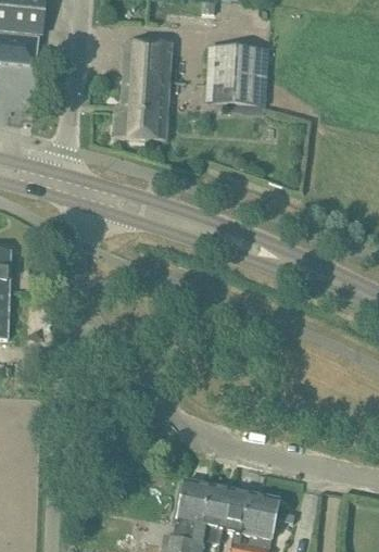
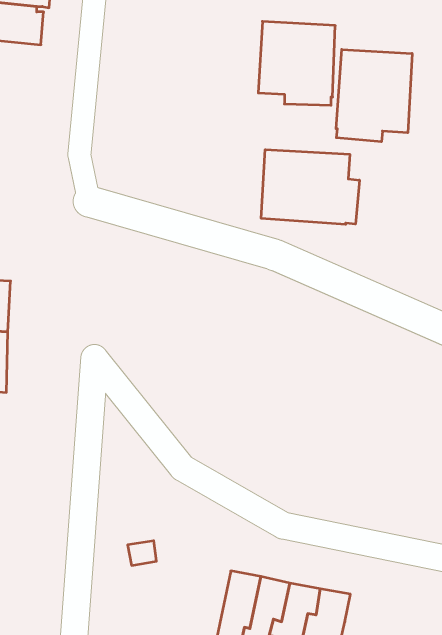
building: [113,40,170,139] -> none
building: none -> [336,49,412,142]
building: none -> [261,150,359,224]

